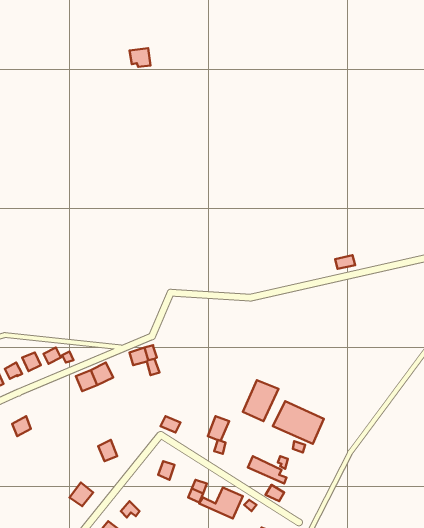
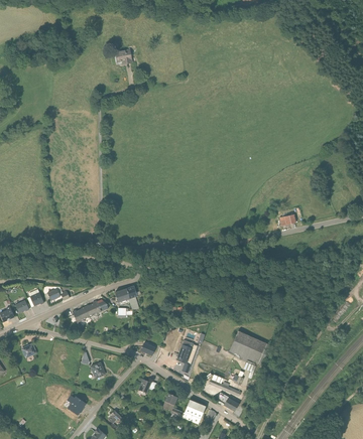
building: [243,380,278,421] -> none

